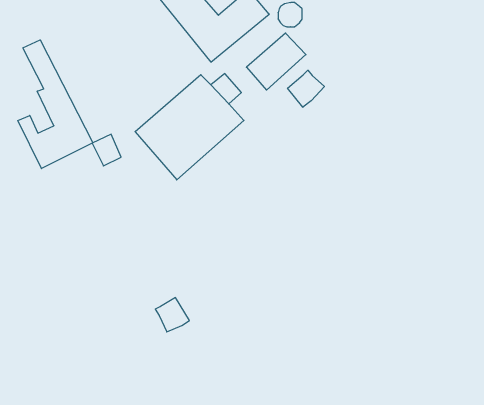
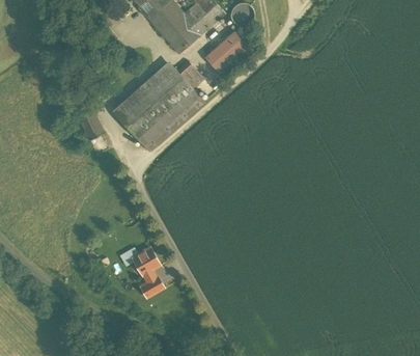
building: [18,40,93,169] -> none
building: [288,70,324,107] -> none
building: none -> [139,269,163,297]

